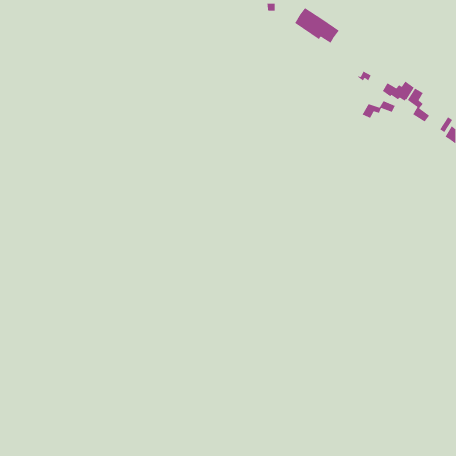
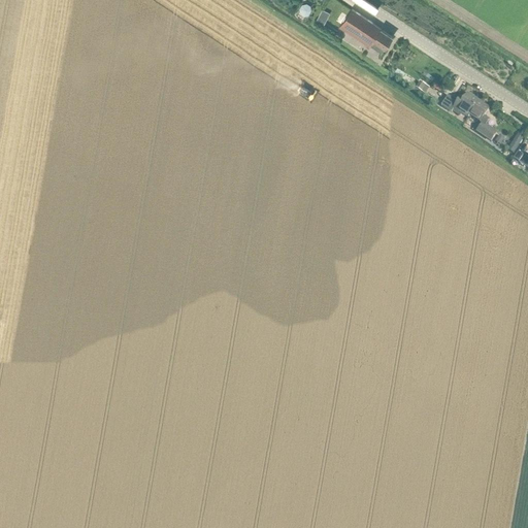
building: [362,100,396,119] -> none

